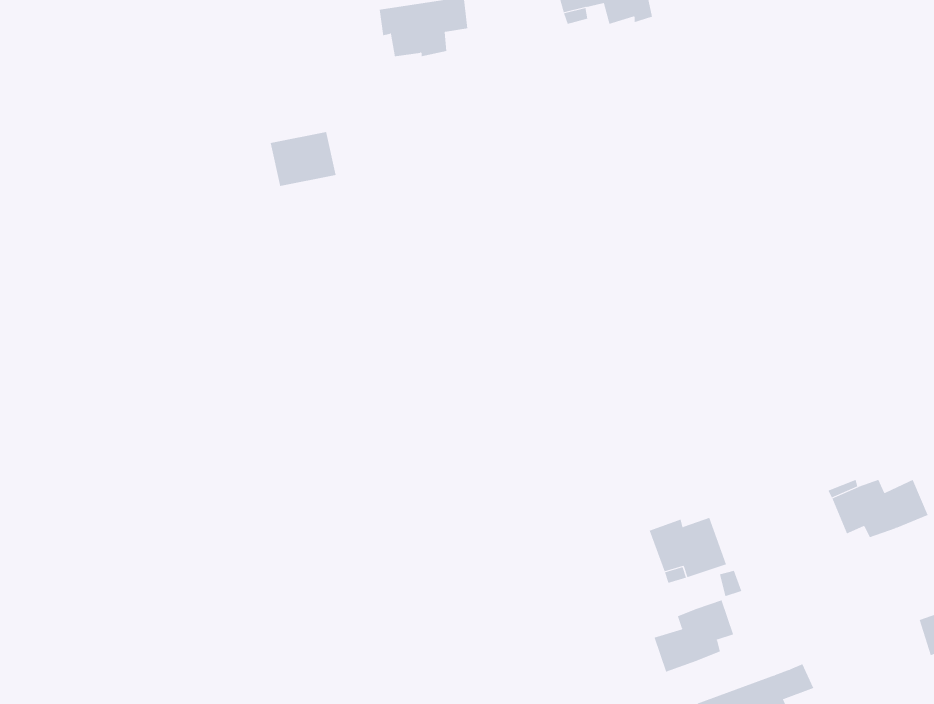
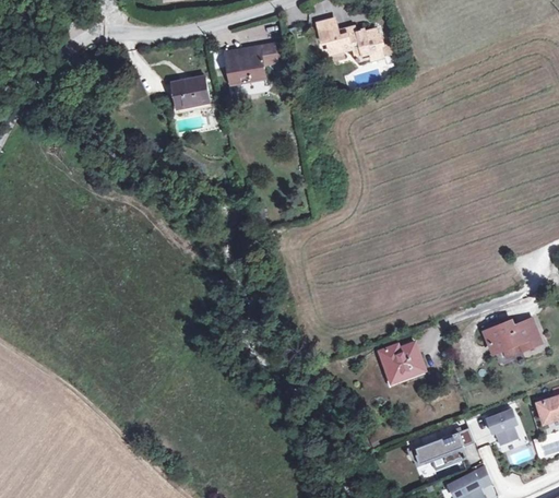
building: [270,131,336,187] -> [171,78,210,109]
building: [654,599,734,672] -> none
building: none -> [486,408,518,444]

